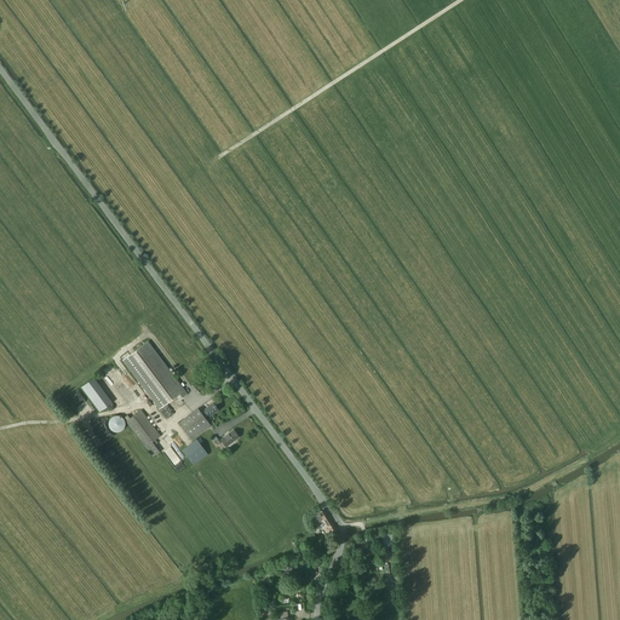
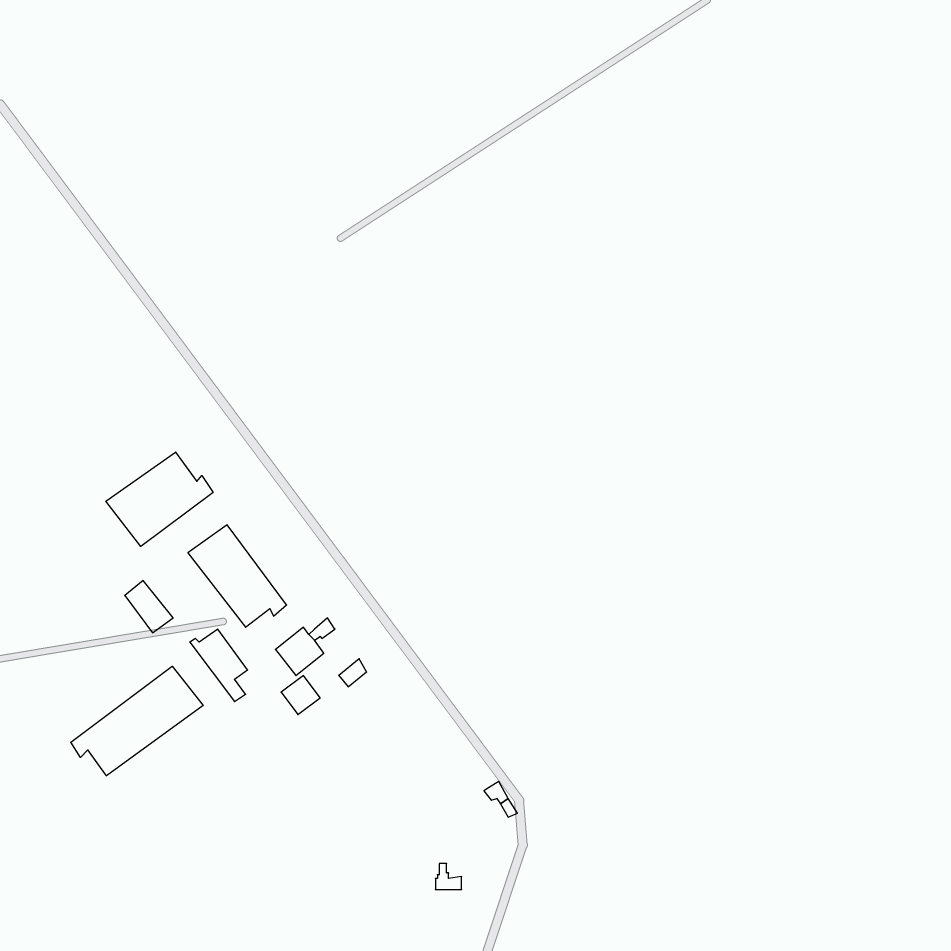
building: none -> [106,452,213,546]
building: none -> [71,666,203,776]

